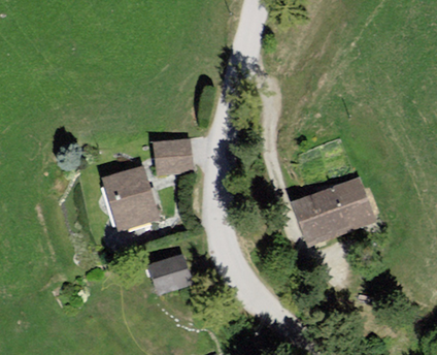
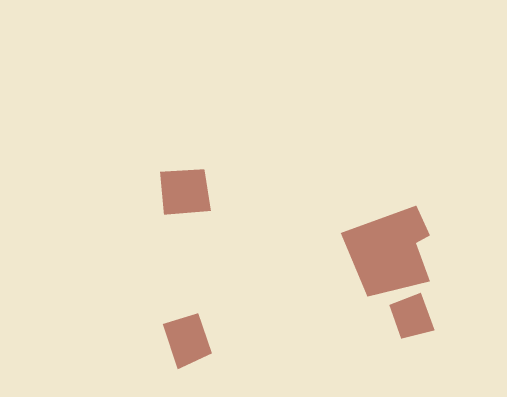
building: [103,169,161,233] -> none
building: none -> [388,292,435,339]

